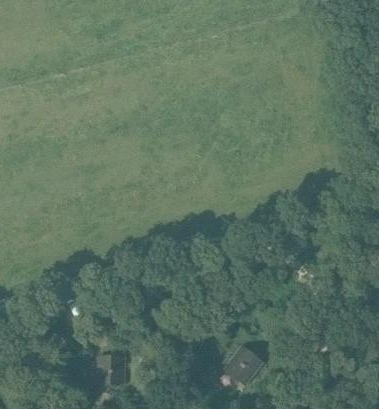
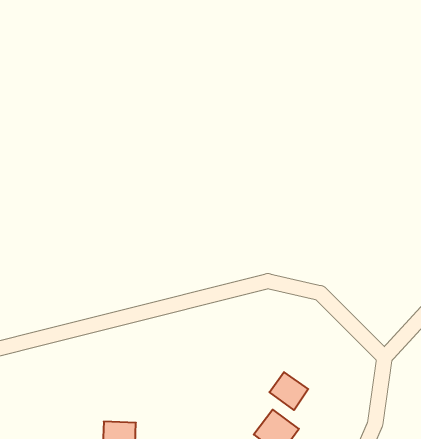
building: none -> [269,372,308,410]

